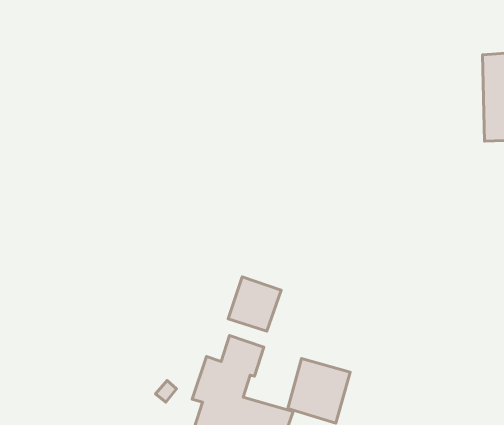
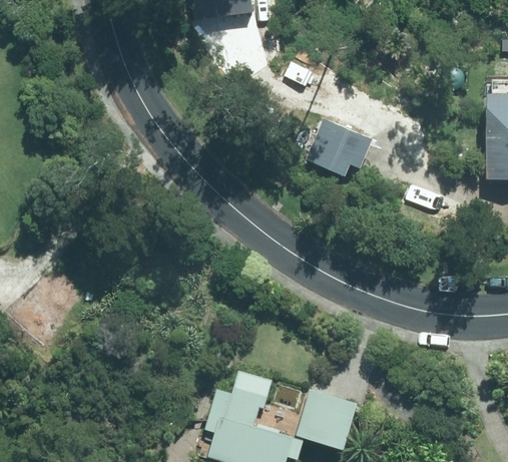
building: none -> [309,121,370,175]
building: [228,277,281,331] -> none

